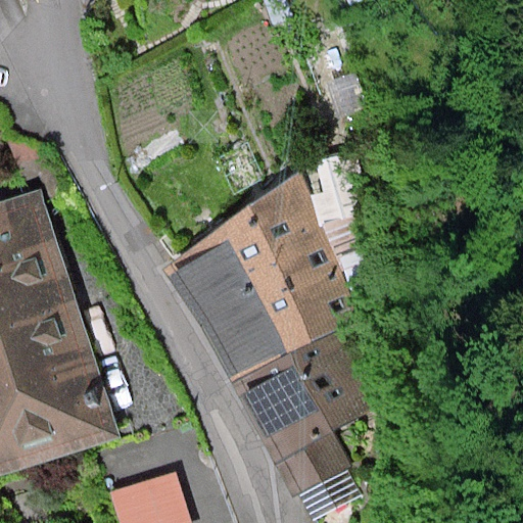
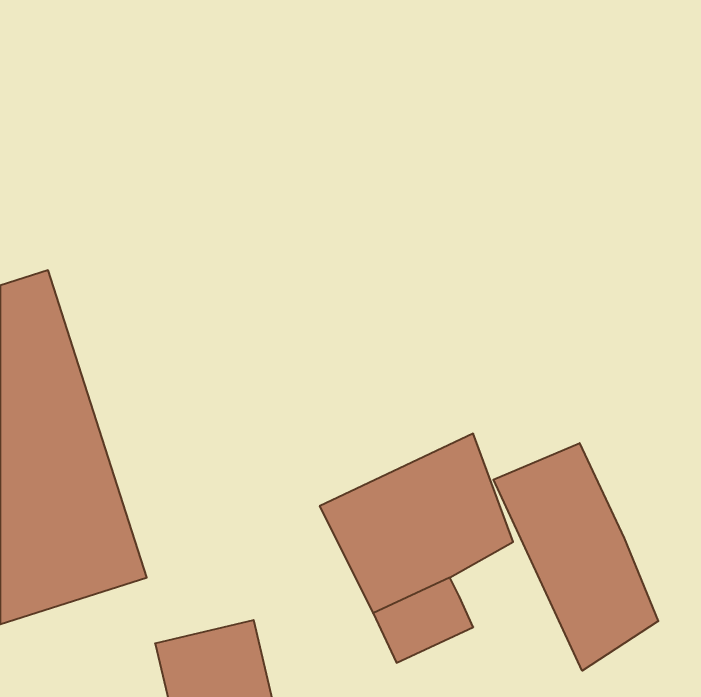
building: [175,180,352,380] -> none
building: none -> [493,443,658,671]

